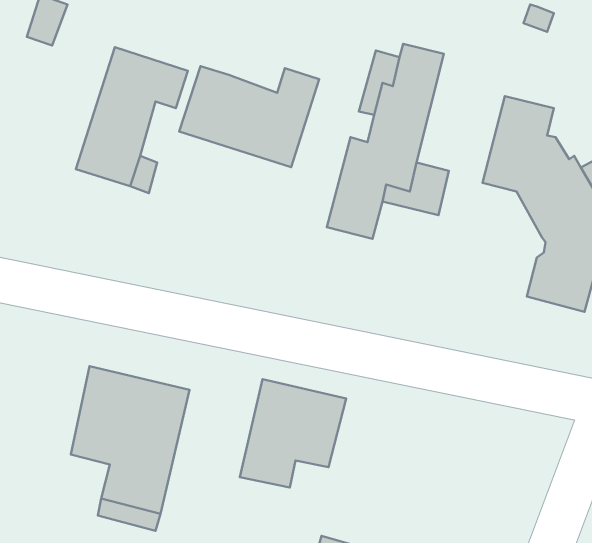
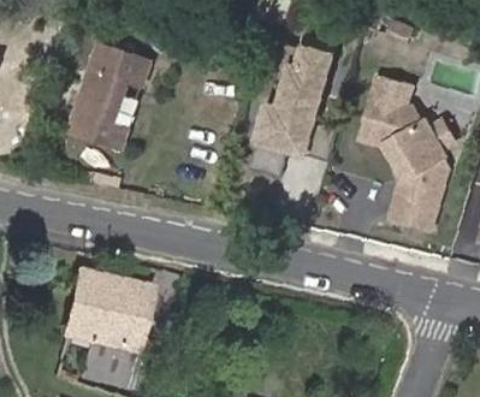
building: [179,66,319,167] -> none
building: [240,379,346,488] -> none

